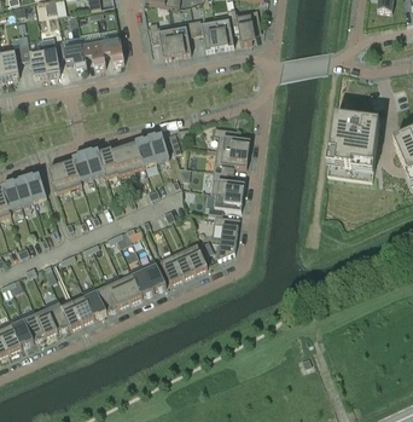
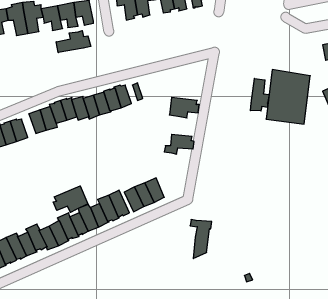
building: none -> [56,31,91,53]
building: [213,127,250,154] -> none
building: none -> [250,78,269,111]
building: [210,170,244,196] -> none
building: [214,215,239,261] -> [190,220,212,259]
building: none -> [53,186,88,212]

